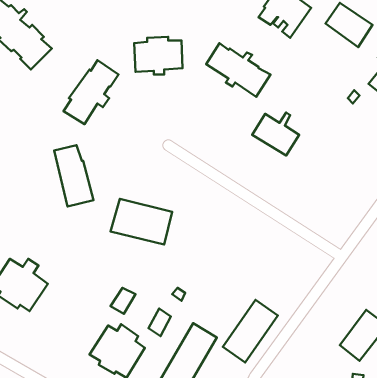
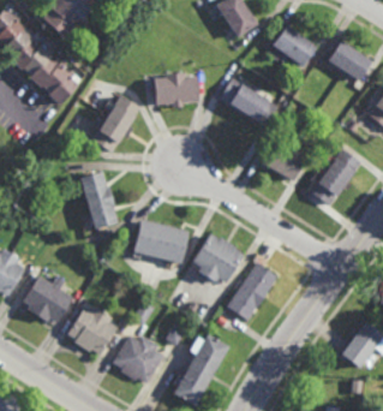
building: none -> [311,148,363,206]
building: none -> [193,233,243,282]
building: none -> [68,306,116,356]
building: [223,300,278,362] -> [227,263,277,321]

